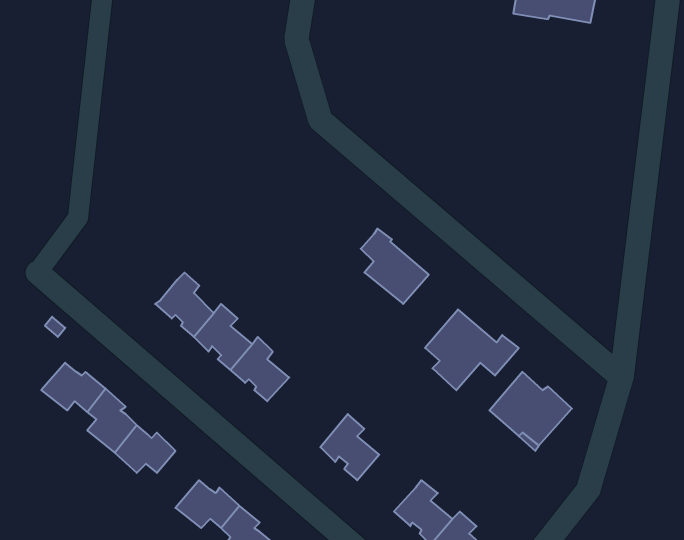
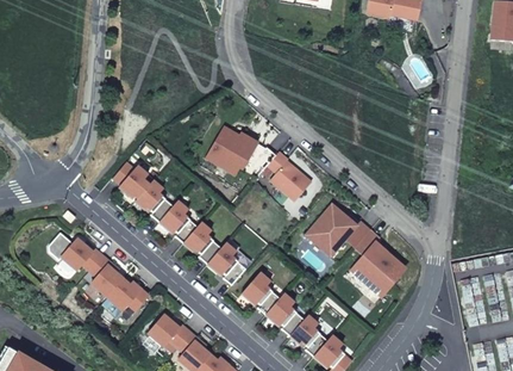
building: none -> [206,129,276,177]
building: none -> [113,162,149,198]
building: none -> [207,242,245,285]
building: none -> [265,293,304,335]

